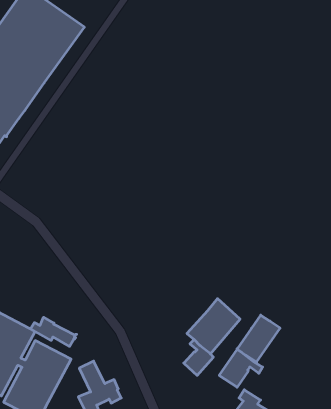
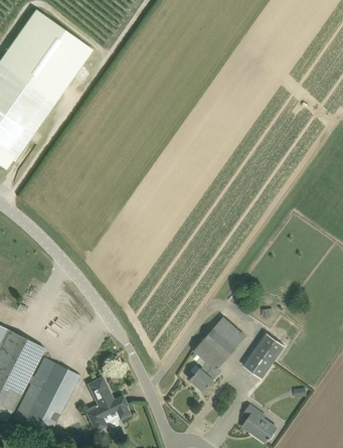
building: [31,317,77,346] -> none
building: [219,350,263,387] -> none

